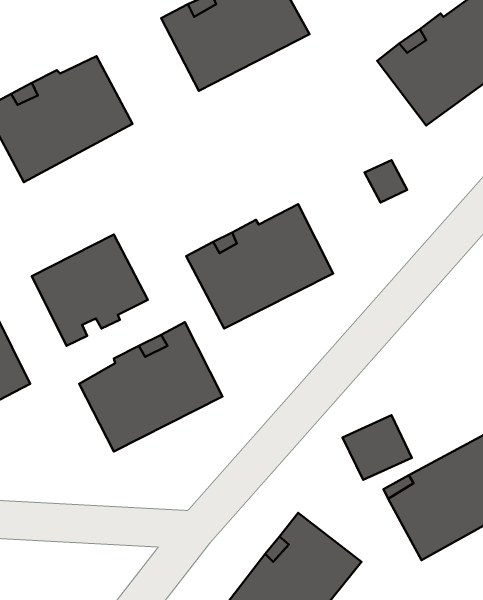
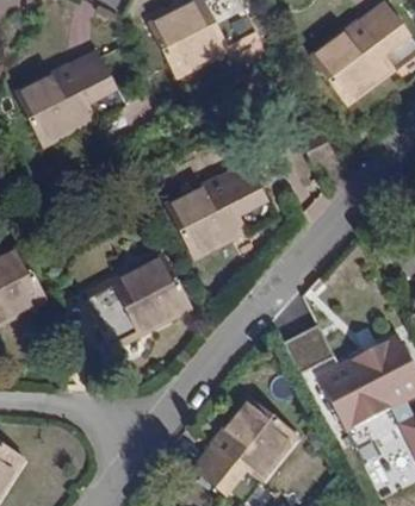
building: [32,234,148,346] -> none

